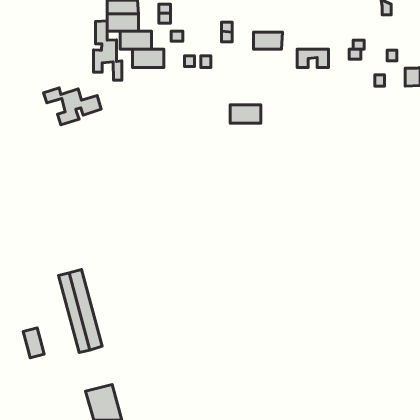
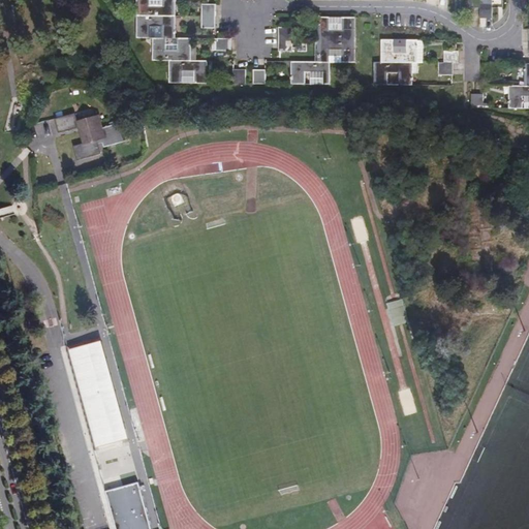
building: none -> [318,18,354,40]
building: [93,21,122,80] -> none
building: none -> [380,39,417,62]
building: [230,105,261,123] -> [290,62,329,85]
building: [23,328,44,358] -> none

